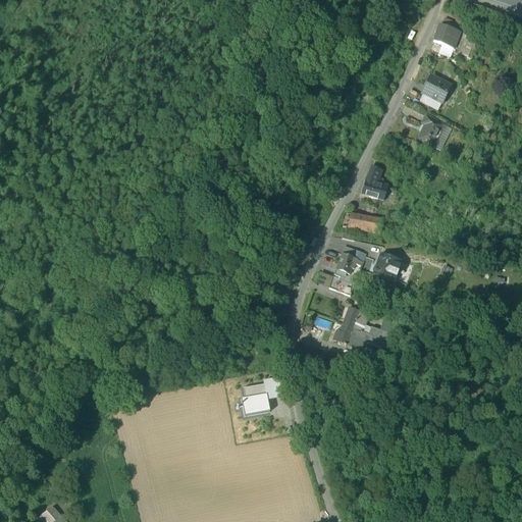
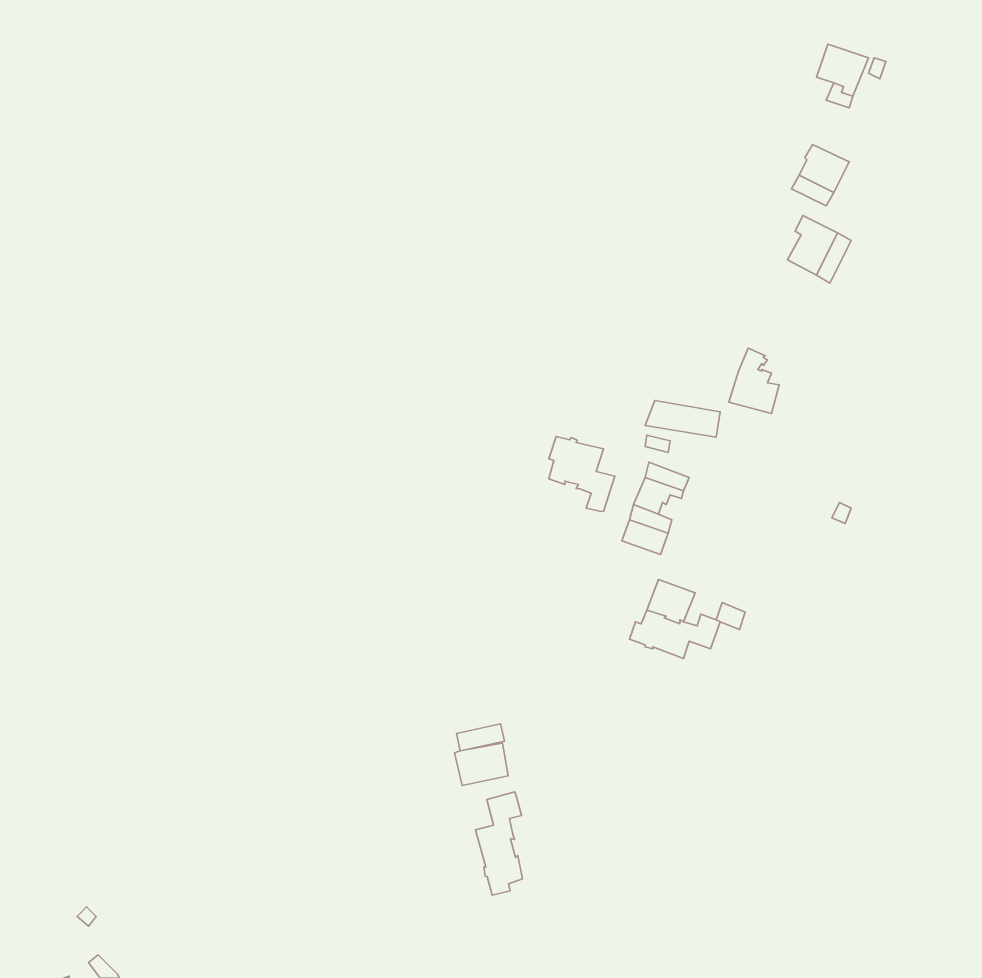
building: [362,164,388,199] -> [729,348,779,414]
building: none -> [549,436,615,512]
building: [374,253,402,281] -> none
building: none -> [476,792,523,895]

